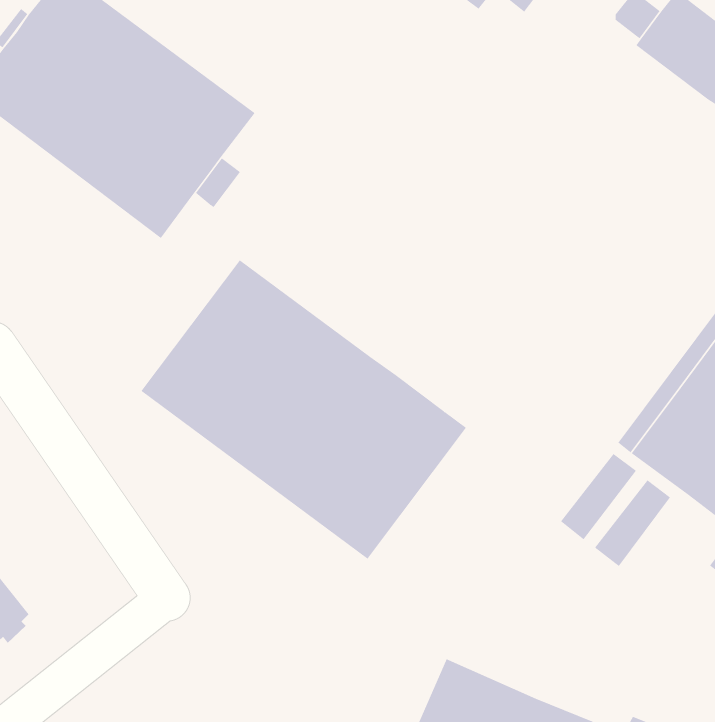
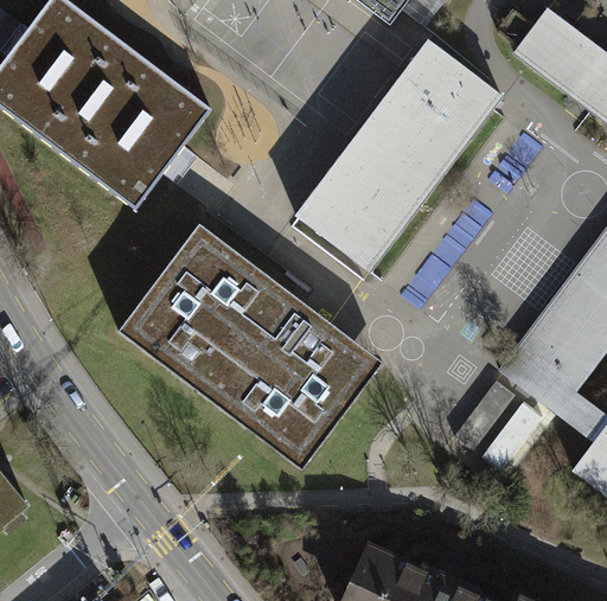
building: none -> [298,40,501,269]

